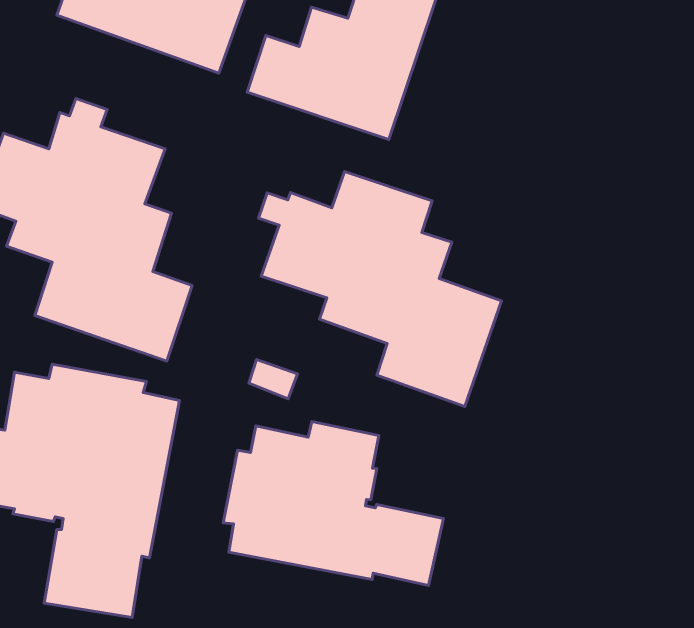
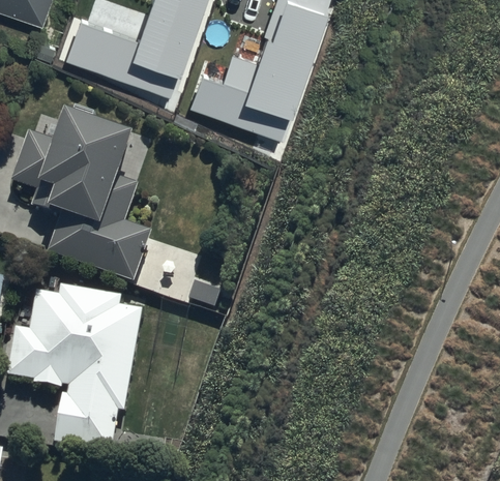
building: [259,171,501,406] -> none
building: [223,422,444,585] -> none

